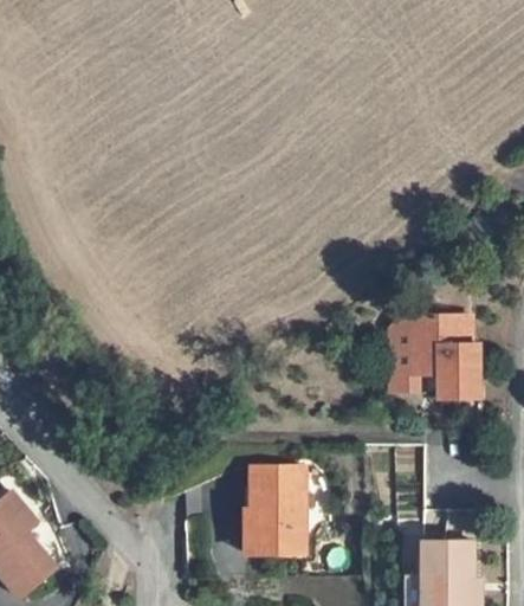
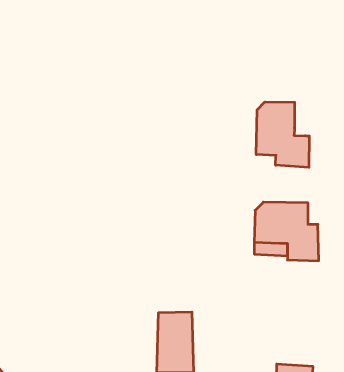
building: none -> [256,102,309,167]

